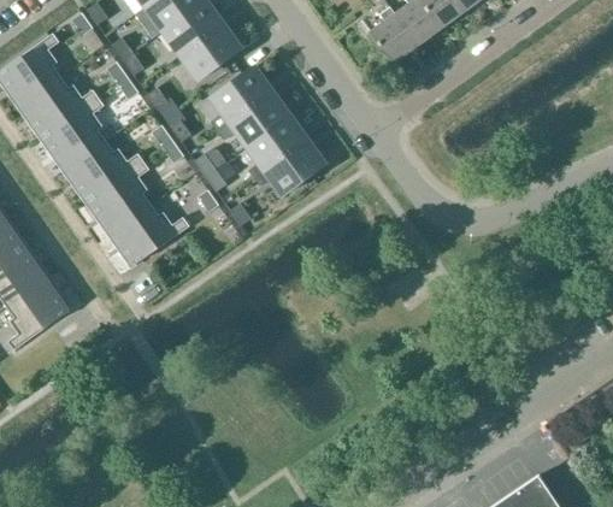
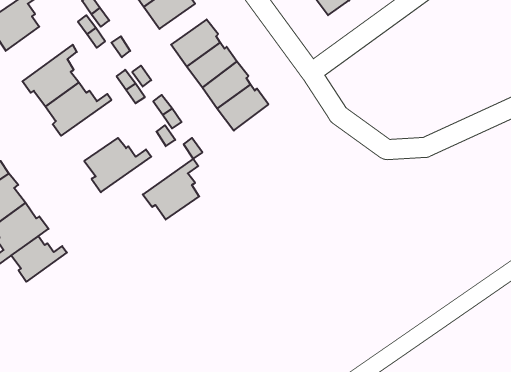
building: [22,77,99,140] -> none
building: [86,161,151,231] -> [143,159,199,220]
building: none -> [11,236,67,282]

